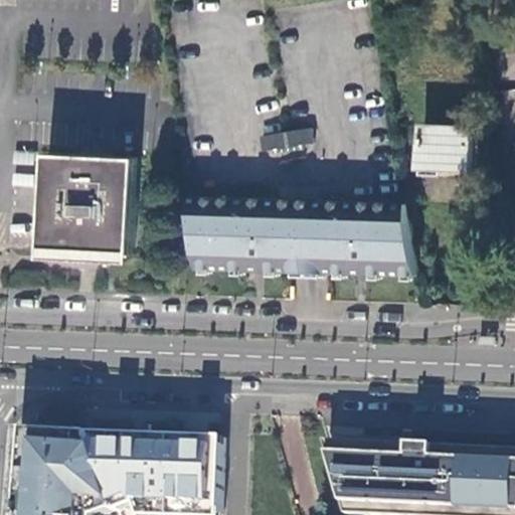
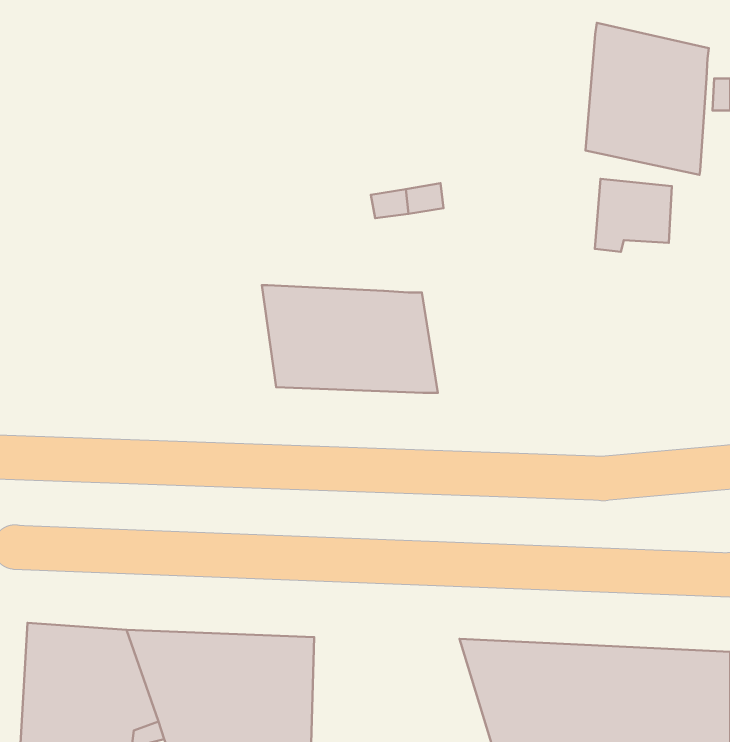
building: none -> [585,23,709,175]
building: [35,154,131,254] -> none
building: [292,203,411,277] -> none

